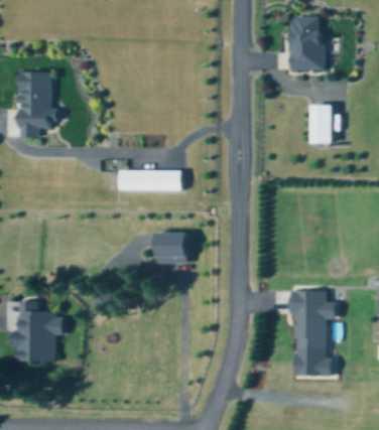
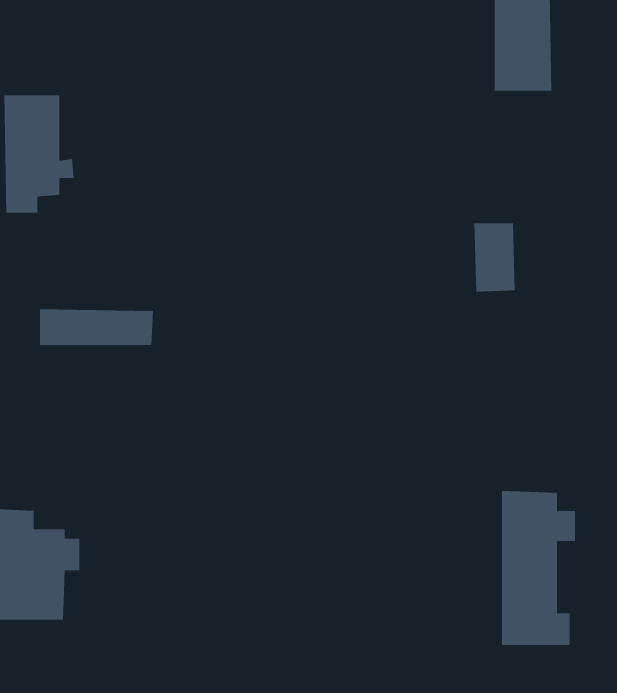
building: [310,106,334,144] -> [474,223,516,292]
building: [119,170,182,190] -> [39,309,154,345]
building: [157,233,191,264] -> none

